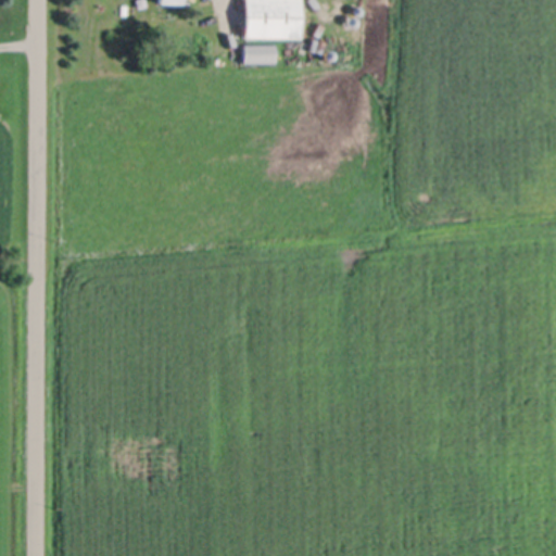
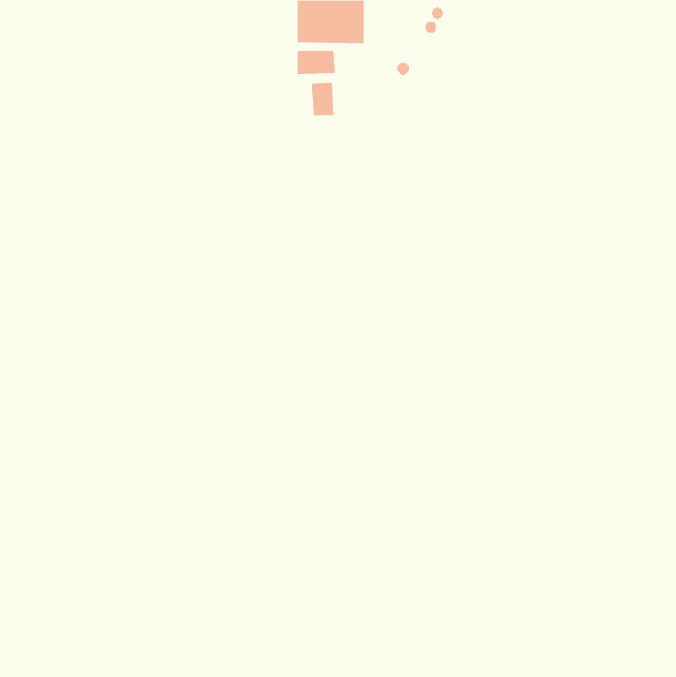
building: none -> [311,82,334,116]

